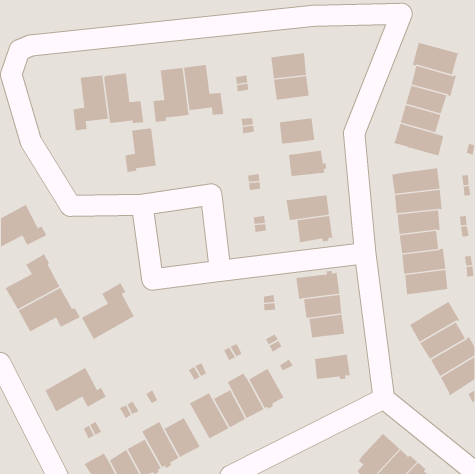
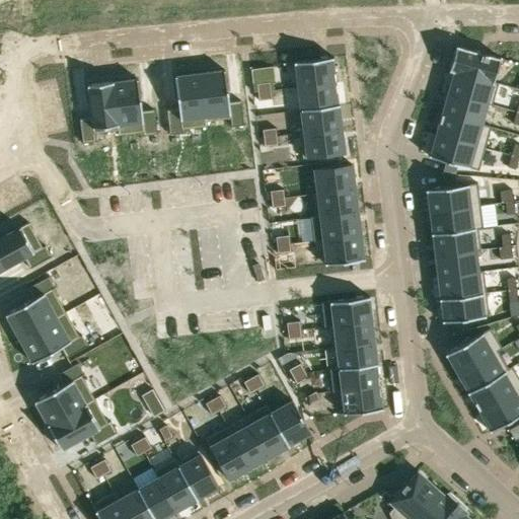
building: none -> [301,106,341,135]
building: [124,127,156,173] -> none
building: none -> [313,191,357,219]
building: [81,282,135,340] -> [34,364,93,427]
building: none -> [330,366,380,393]

